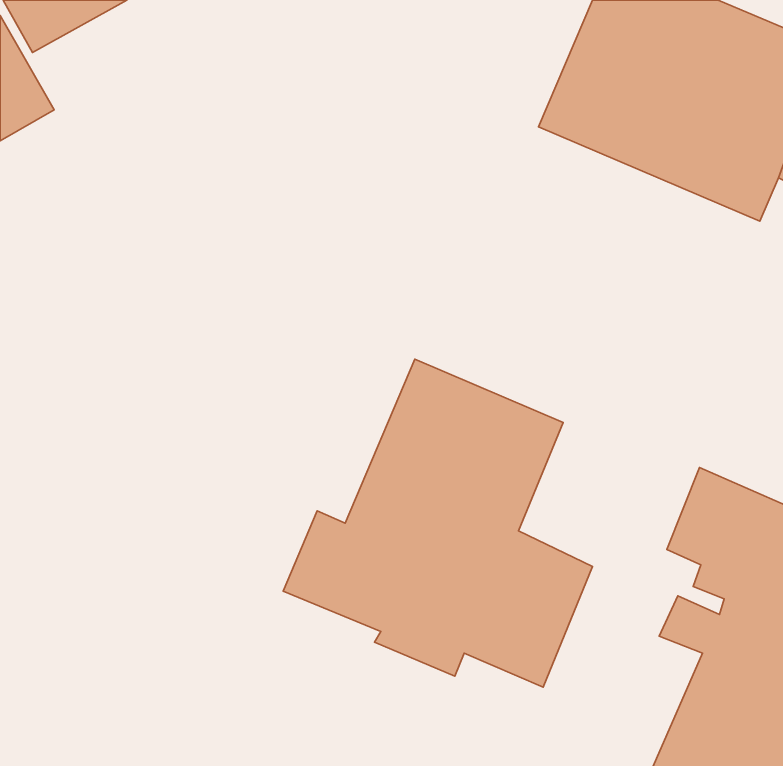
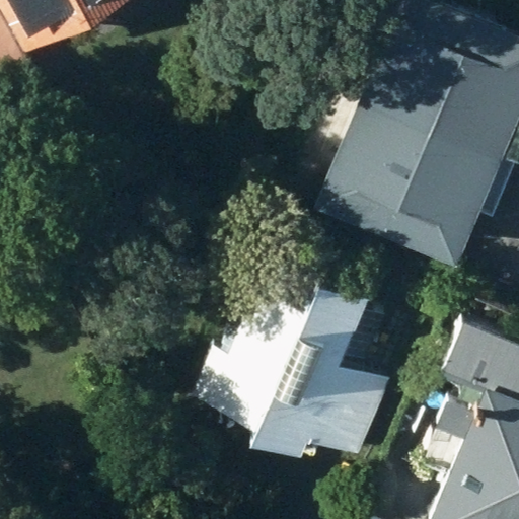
building: none -> [313,99,503,265]

